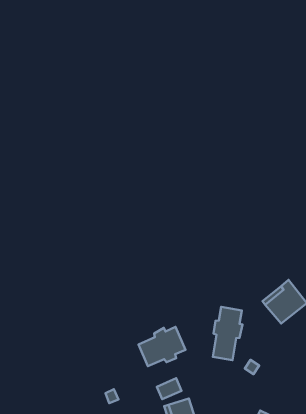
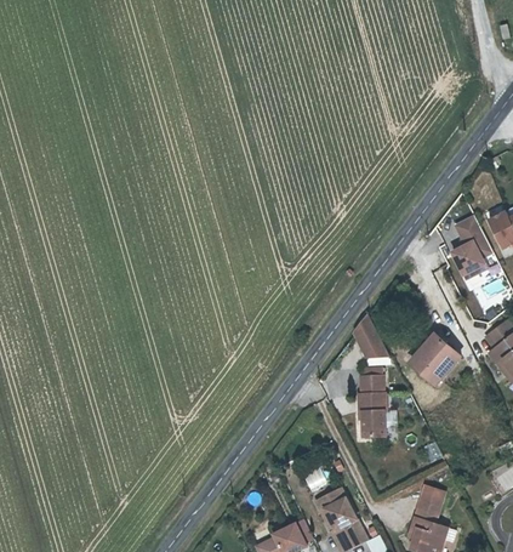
building: none -> [353,314,389,358]
building: [138,327,186,366] -> none

